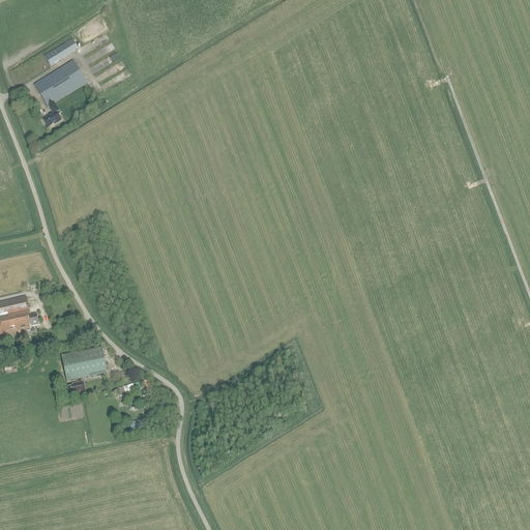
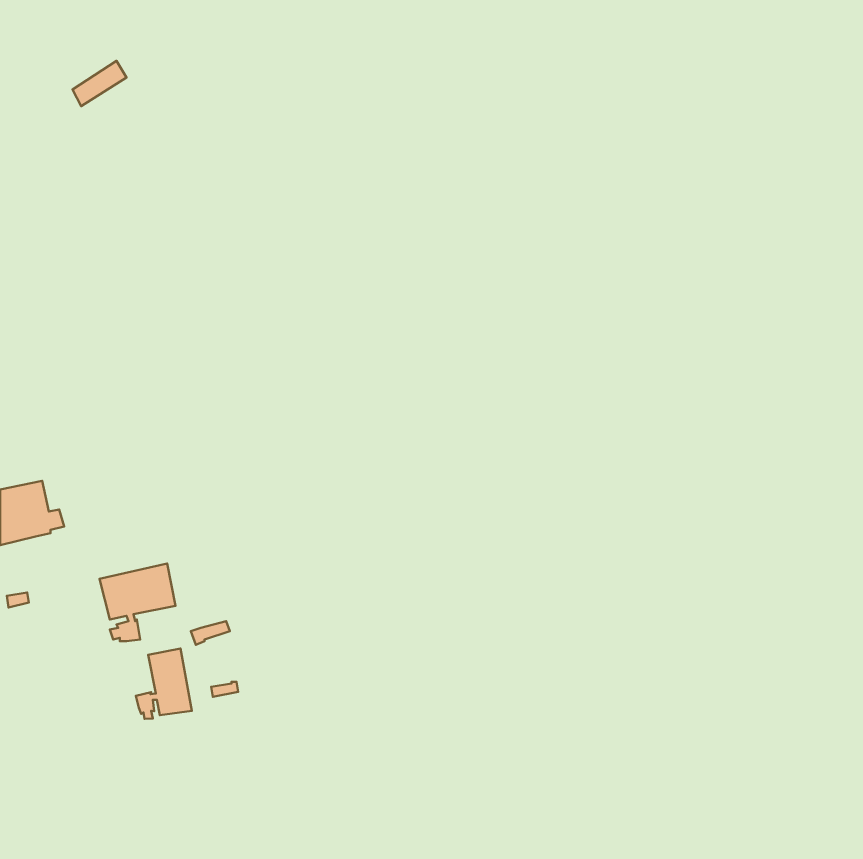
building: [33,58,87,126] -> none
building: none -> [136,648,192,719]

